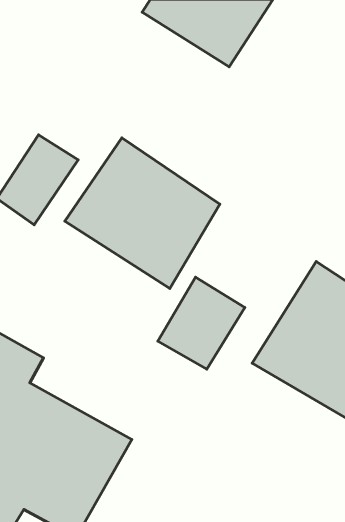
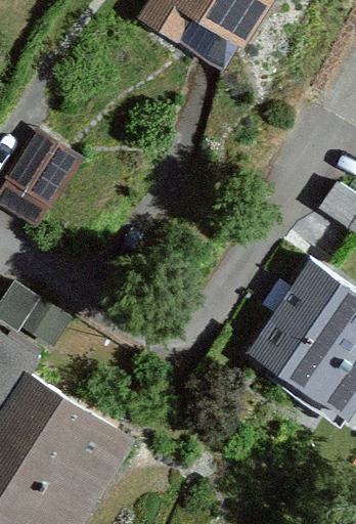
building: [65,138,220,289] -> none
building: [158,277,245,369] -> none

